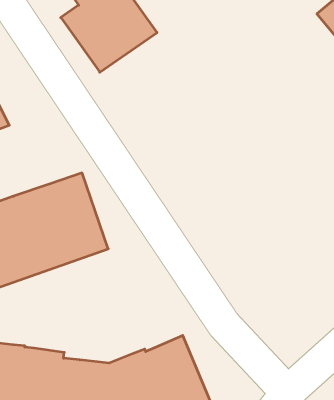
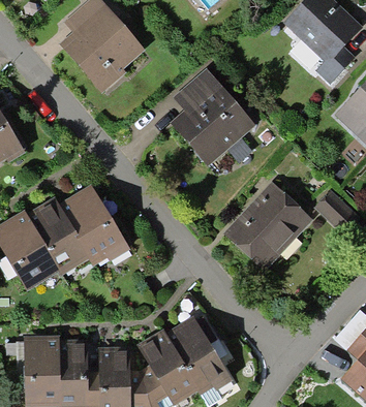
building: none -> [171,70,254,165]
building: none -> [225,183,314,272]

